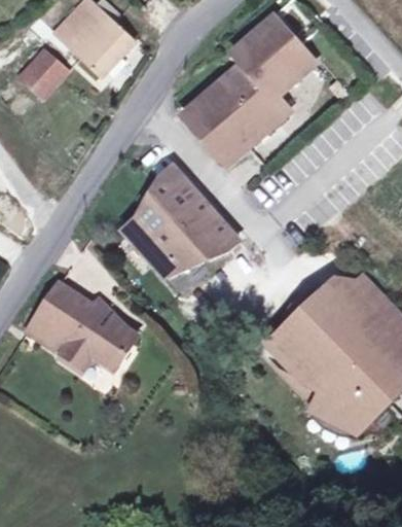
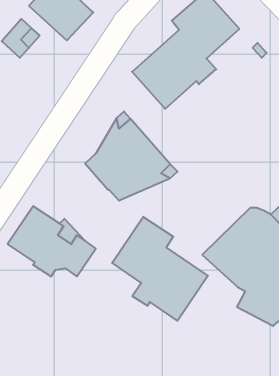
building: none -> [112,217,208,321]

